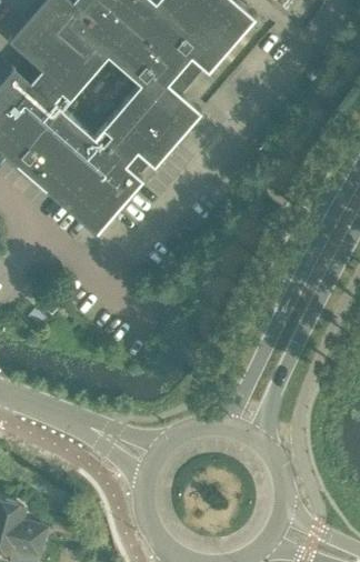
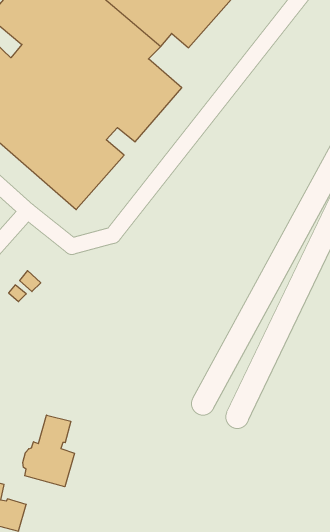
building: none -> [23,415,74,487]

